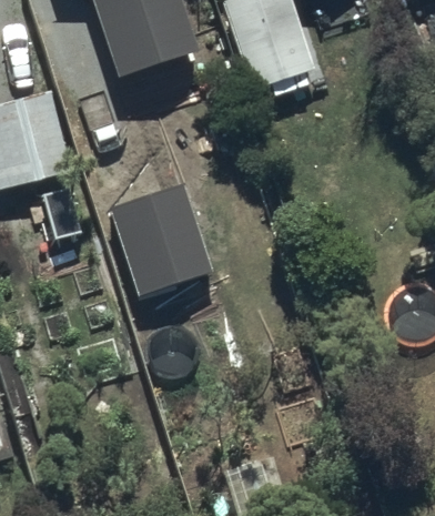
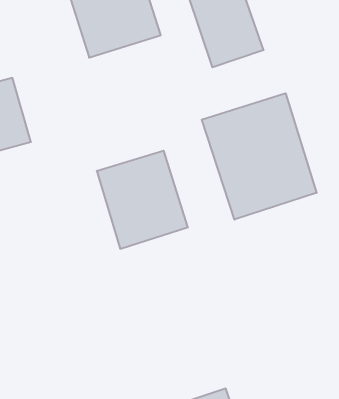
building: none -> [202,93,317,220]

